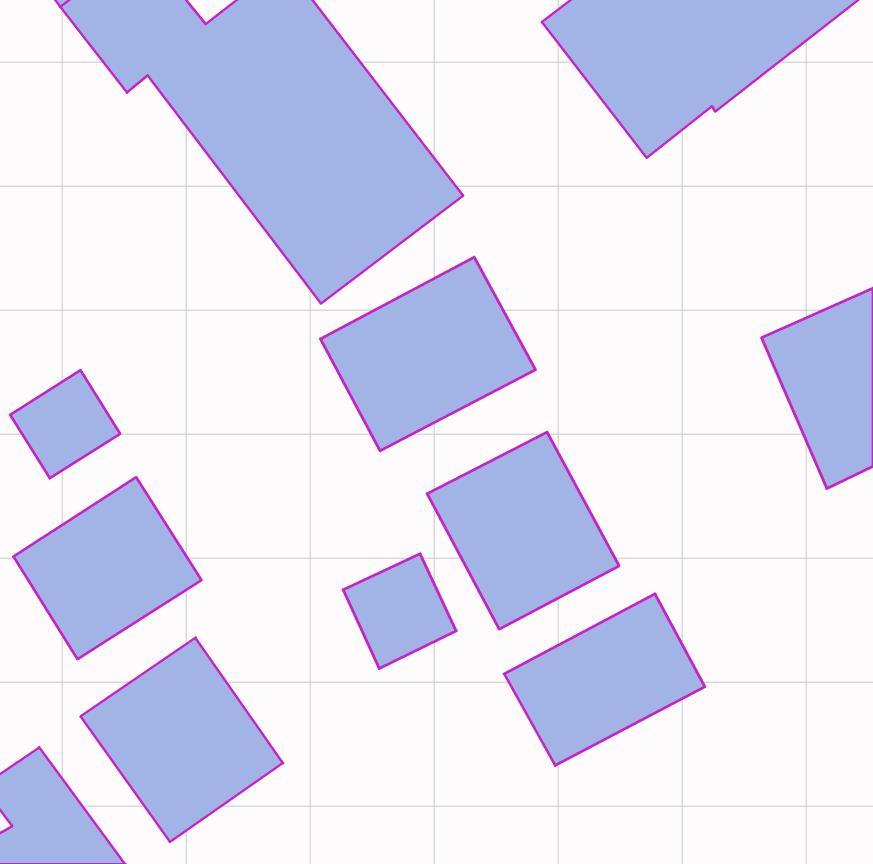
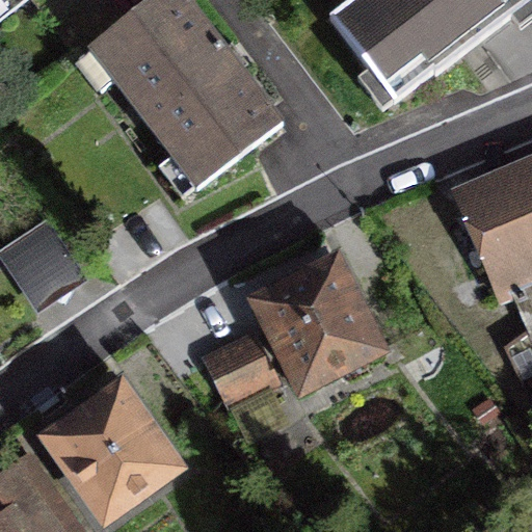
building: [320,257,535,451] -> none
building: [13,477,201,659] -> none
building: [504,594,705,766] -> none

